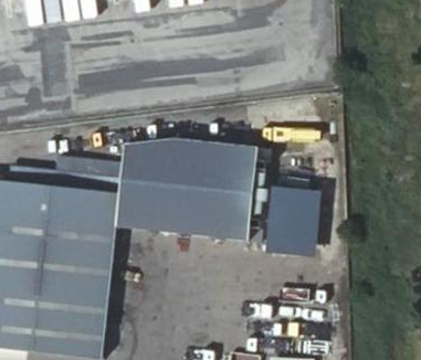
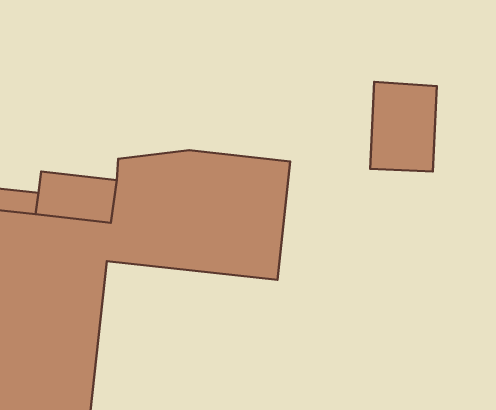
building: [270,183,322,253] -> [370,82,437,172]

